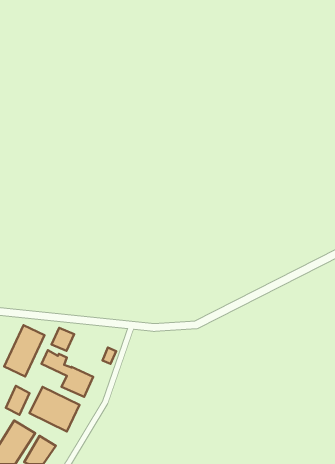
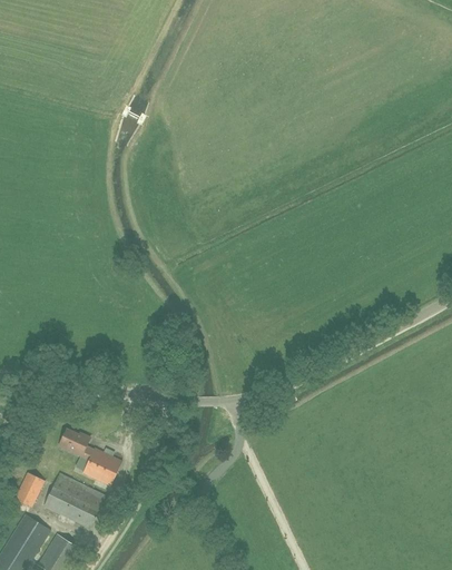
building: [4,325,44,376] -> none
building: [51,328,74,351] -> none

